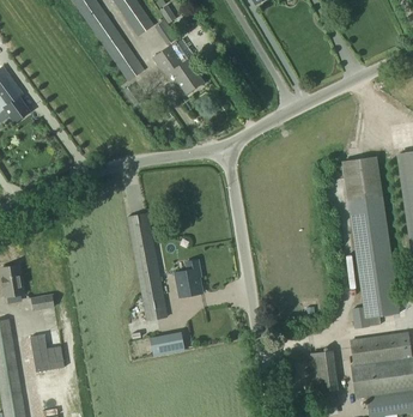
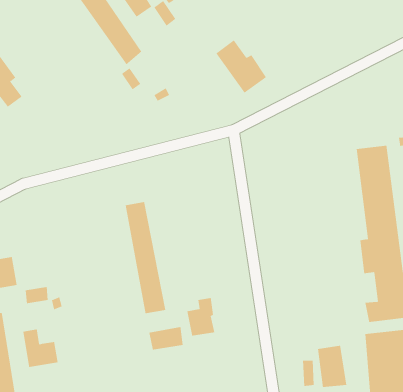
building: [153,44,202,96] -> [215,40,267,93]
building: [175,259,202,296] -> [186,297,215,336]

